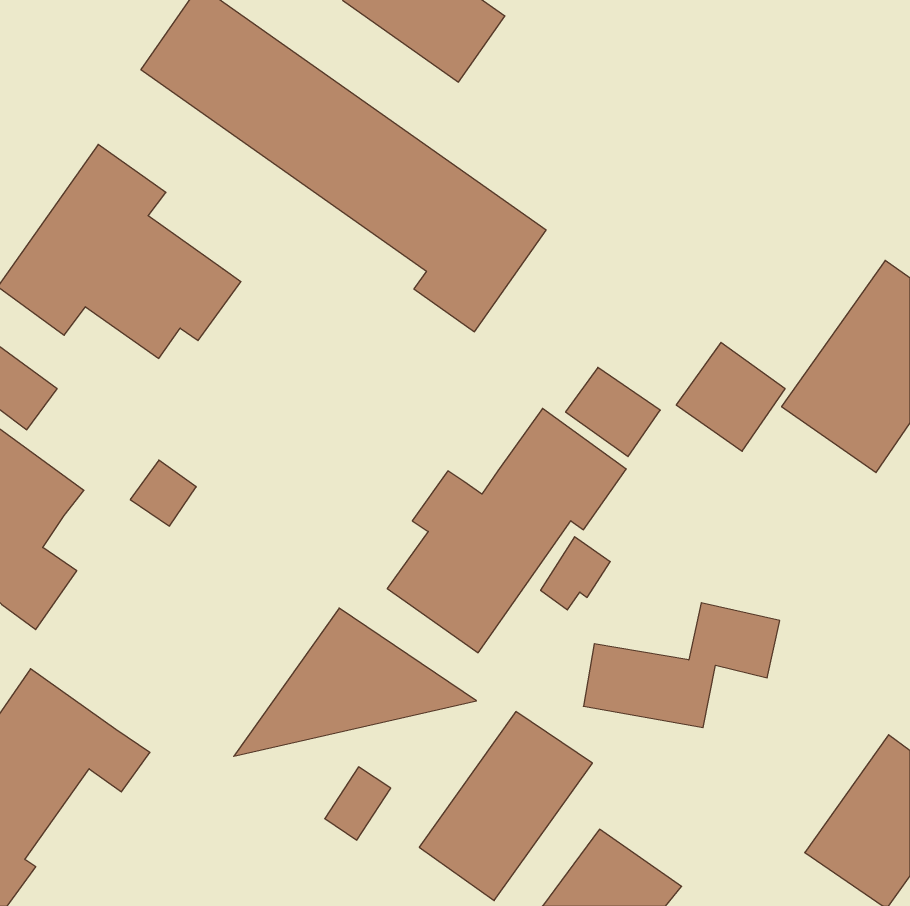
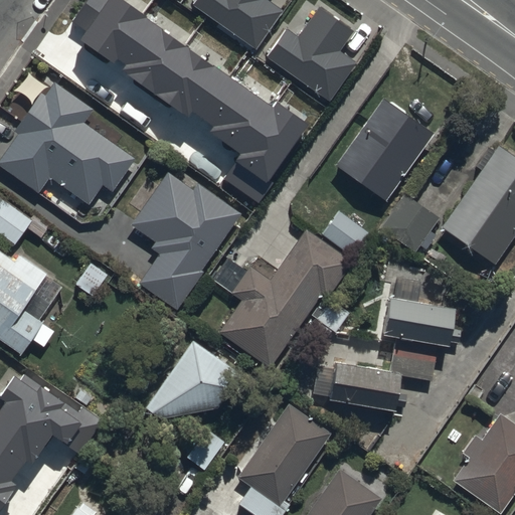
building: none -> [264,7,355,101]
building: none -> [334,98,433,202]
building: none -> [132,175,239,313]
building: none -> [380,294,458,346]

